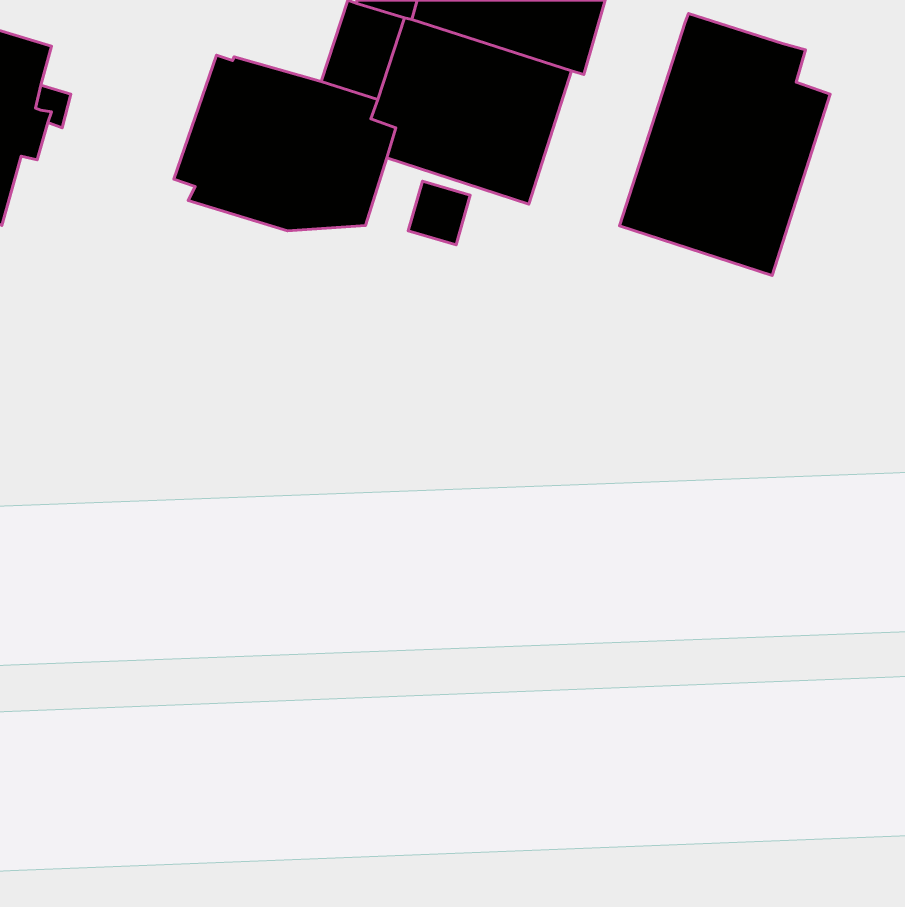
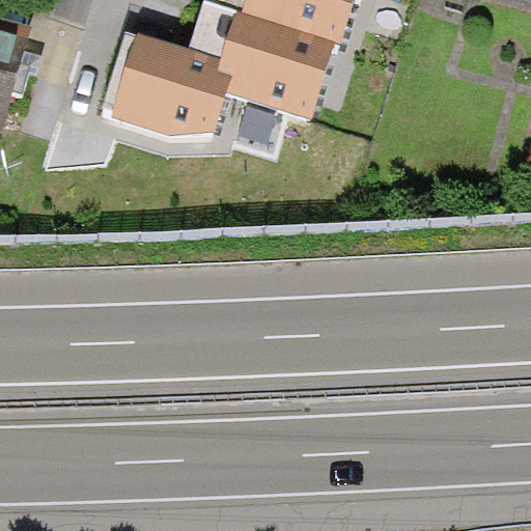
building: [620,14,830,276] -> none

